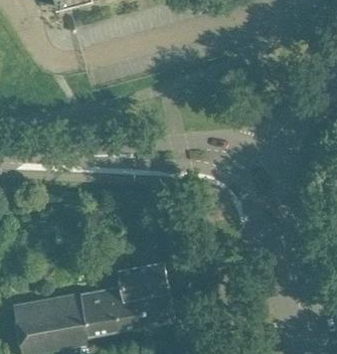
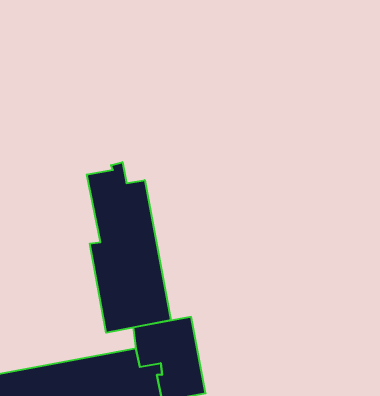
building: none -> [87,162,171,333]

